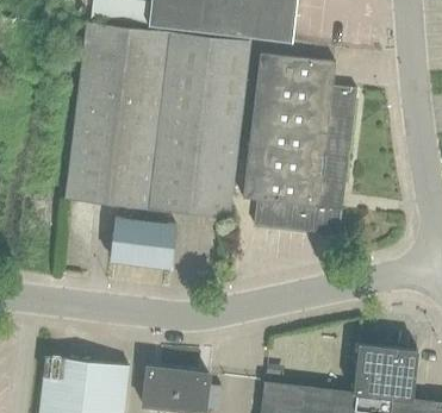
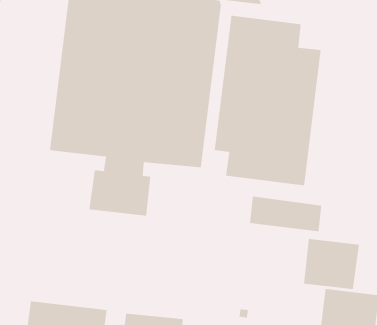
building: none -> [249,196,322,232]
building: none -> [303,238,360,290]

